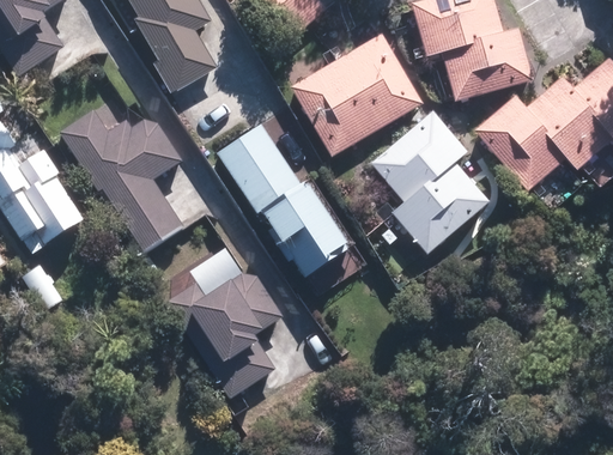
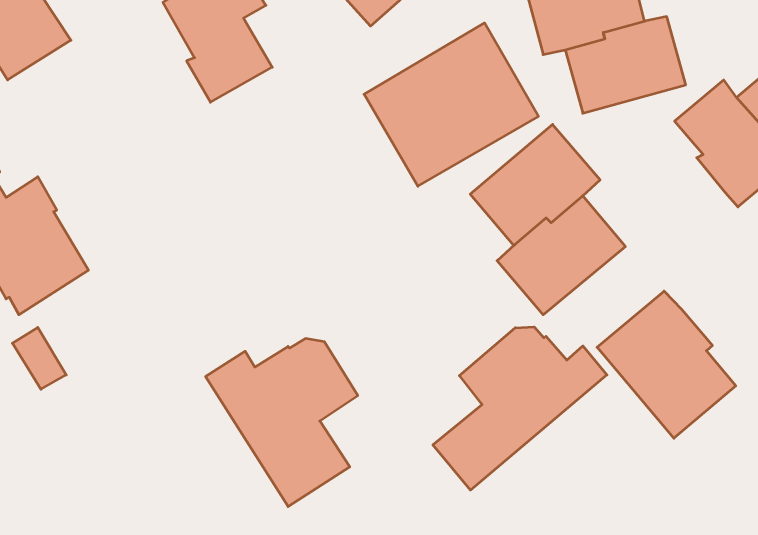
building: [471,95,562,192] -> none
building: [61,108,186,254] -> none
building: [217,122,347,278] -> none
building: none -> [597,291,736,438]
building: none -> [433,327,607,490]

